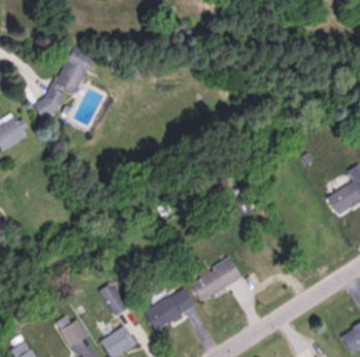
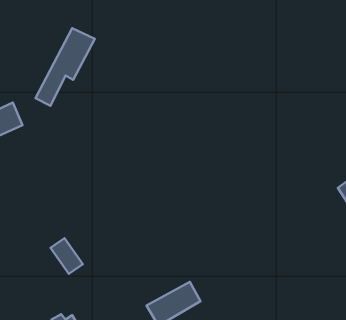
building: [190,259,241,300] -> none
building: [98,282,129,316] -> [50,238,83,274]

